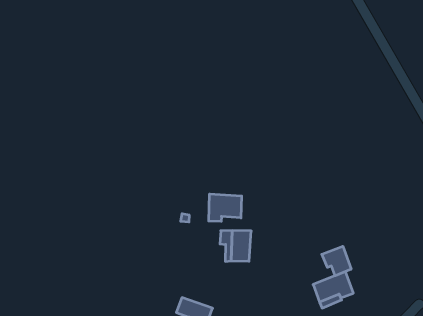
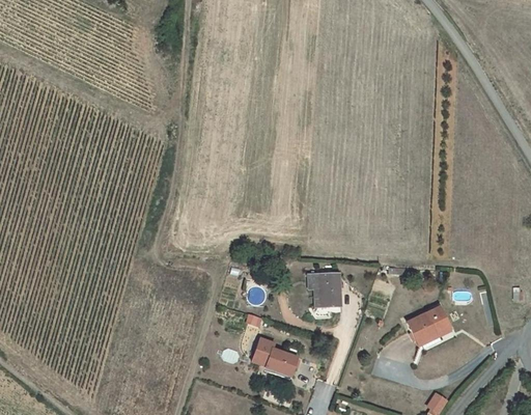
building: [209,194,242,221] -> none
building: [322,246,351,276] -> none

